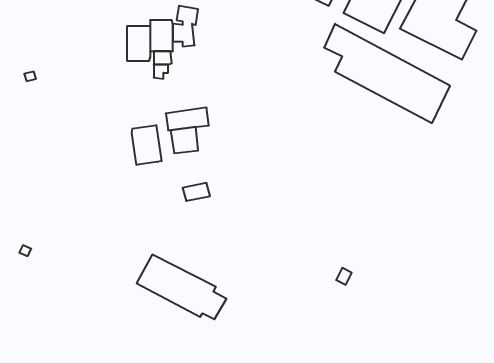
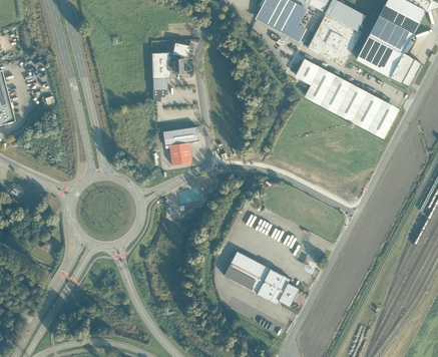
building: [127,26,150,61] -> none
building: [132,125,161,165] -> none
building: [137,255,227,319] -> [224,253,299,307]

